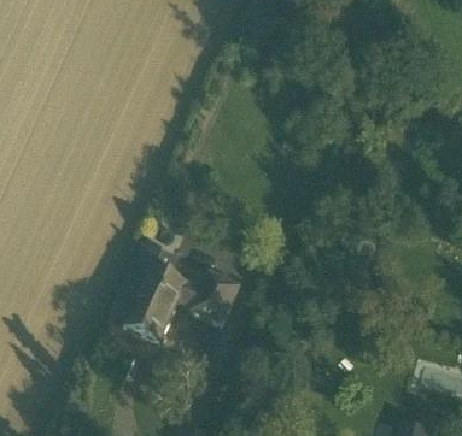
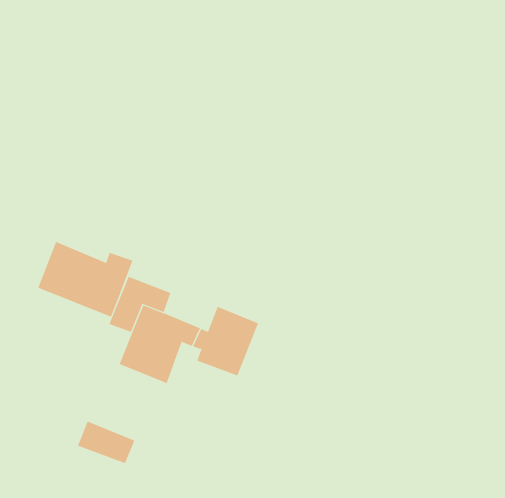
building: none -> [37,241,133,317]
building: [124,310,168,343] -> [77,421,135,464]

